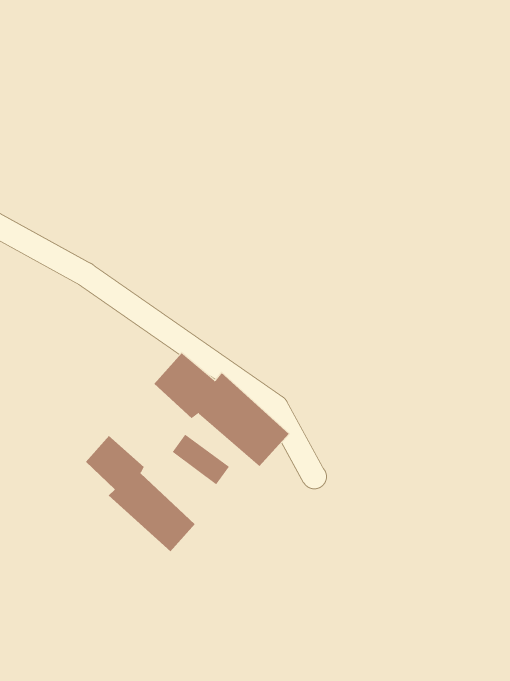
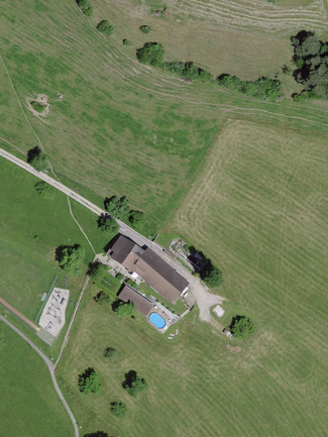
building: [85,435,196,552] -> none

